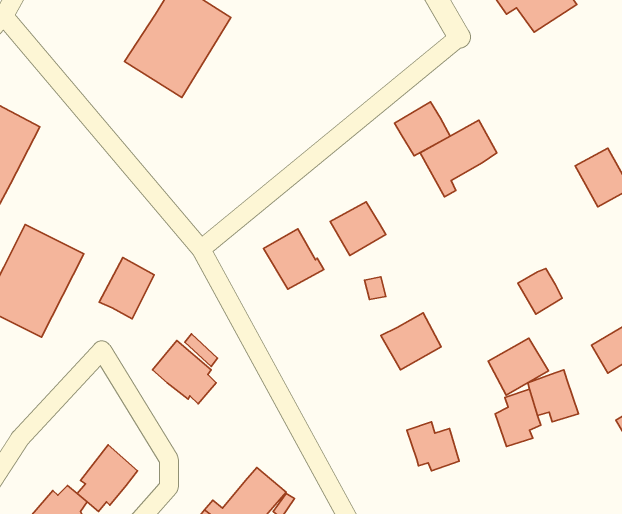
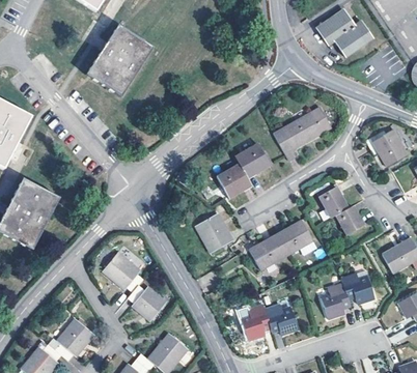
building: [395,102,450,156] -> [234,143,270,177]
building: [263,229,324,289] -> [195,213,233,252]
building: none -> [317,187,348,219]
building: [99,258,154,319] -> none
building: [488,338,549,395] -> [275,220,313,256]
building: none -> [128,285,166,320]
building: none -> [241,305,271,340]

